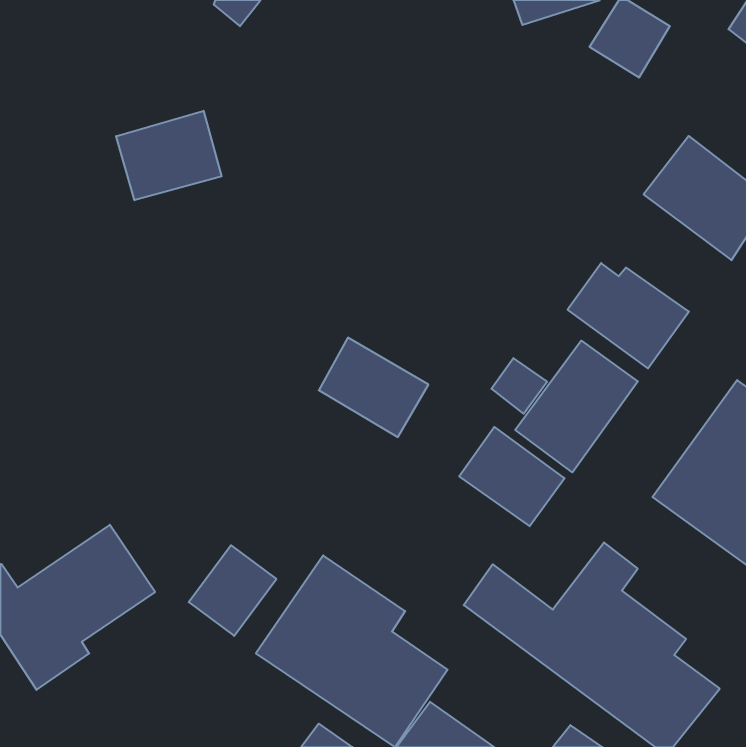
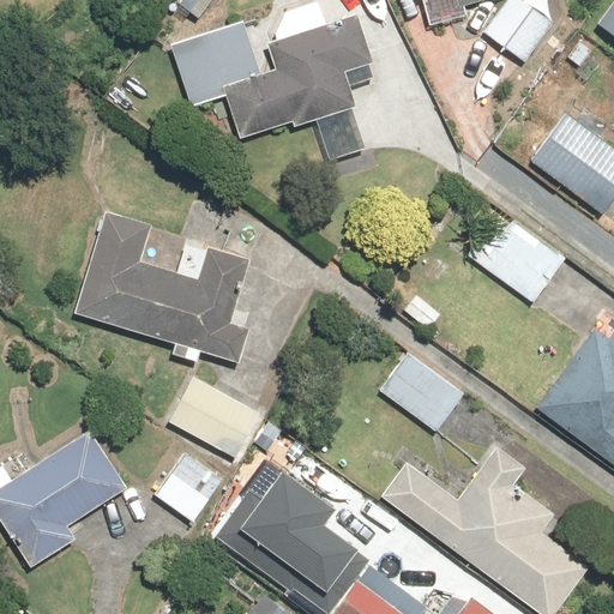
building: none -> [170,18,375,139]
building: [116,111,222,200] -> none
building: none -> [73,213,249,365]
building: [319,338,428,437] -> [168,378,258,459]
building: [515,341,638,472] -> none

